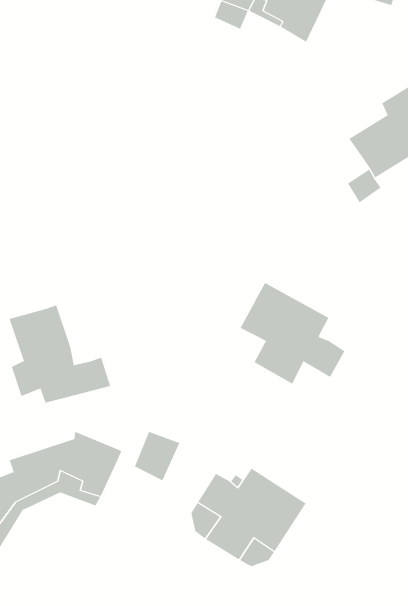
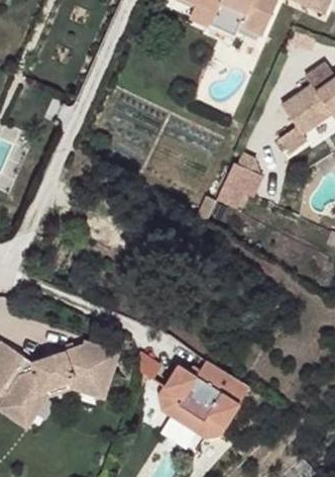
building: none -> [224,161,262,203]
building: [240,282,345,385] -> none
building: [9,304,111,404] -> none

